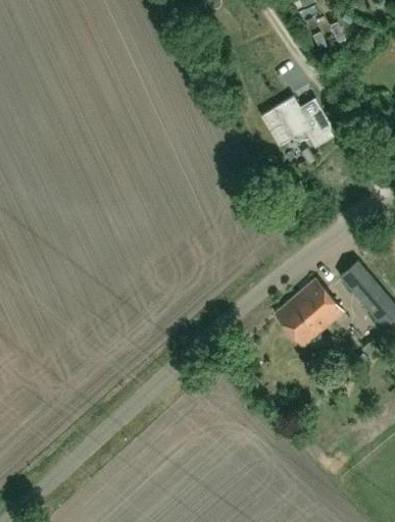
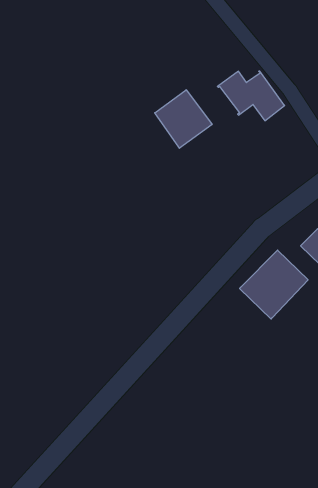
building: none -> [155,90,212,148]

